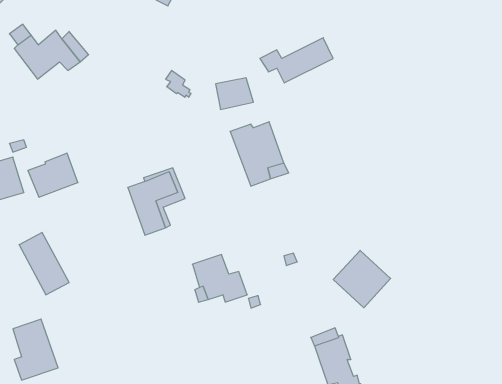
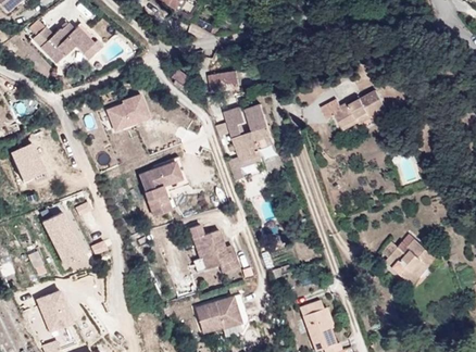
building: [260,38,333,83] -> [318,85,384,125]
building: [28,153,78,197] -> [104,91,149,130]
building: [333,250,391,308] -> [383,234,434,285]
building: none -> [198,298,245,336]

